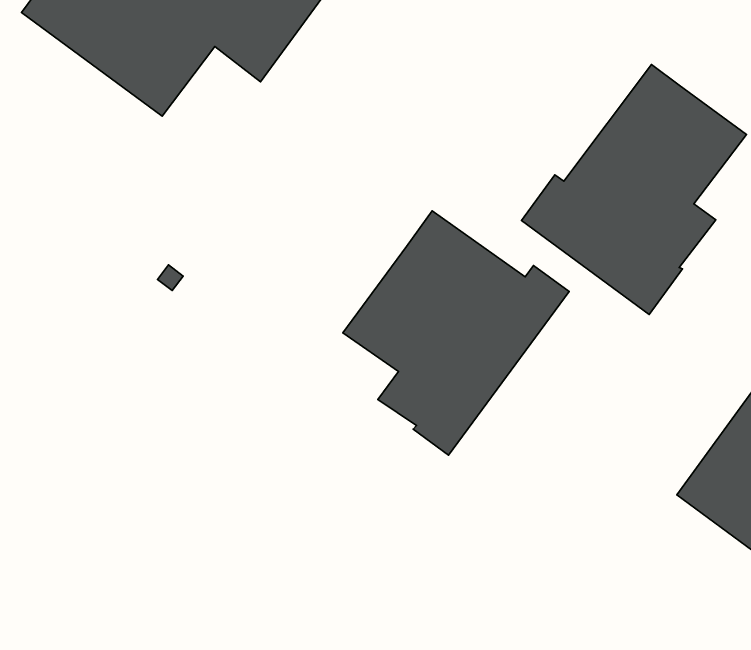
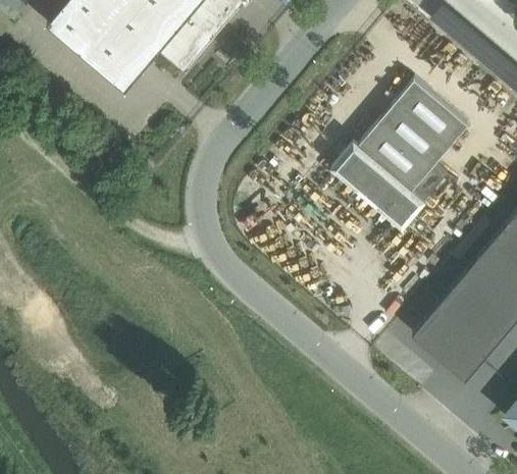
building: [343,211,569,455] -> none

